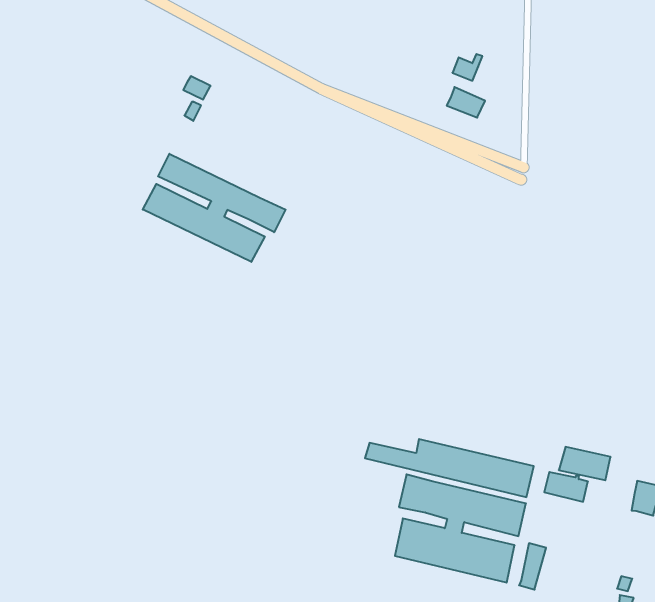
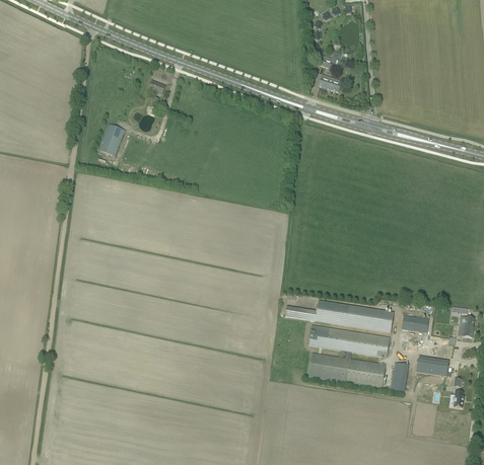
building: none -> [98,123,125,155]
building: [143,154,286,262] -> none
building: [559,447,611,480] -> [416,357,448,376]

